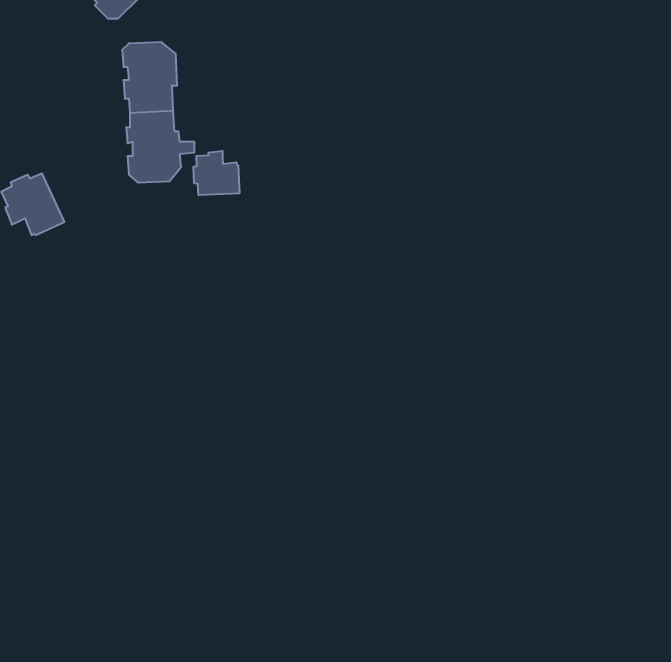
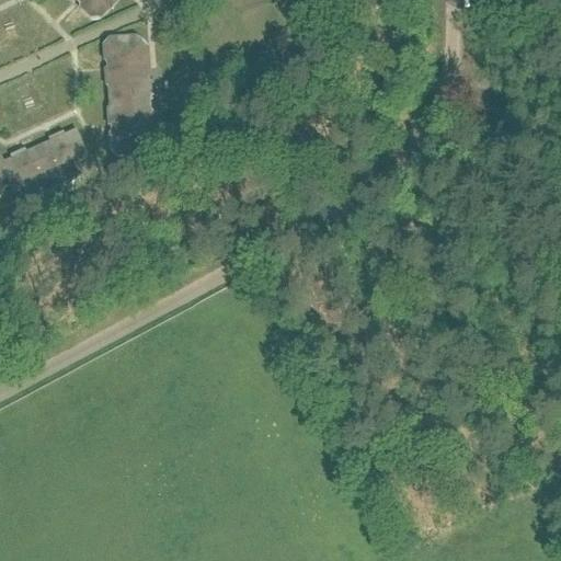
building: [194,151,239,195] -> none
building: none -> [35,127,85,185]

